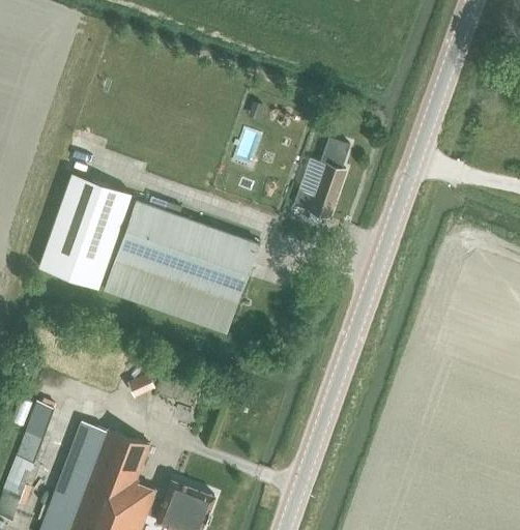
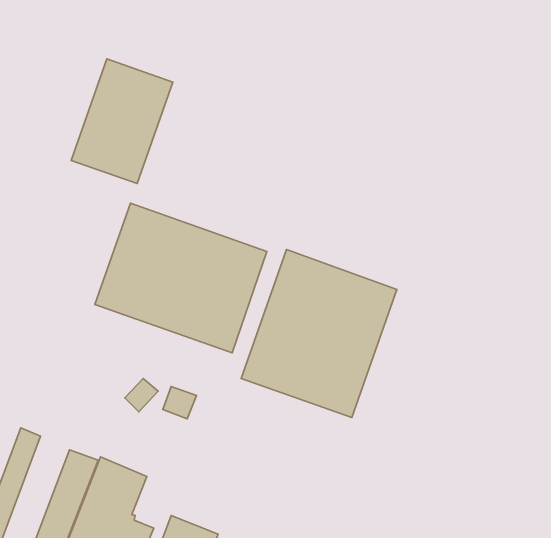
building: [292,137,345,225] -> none
building: [38,183,129,295] -> [71,59,173,184]
building: none -> [241,250,397,418]

